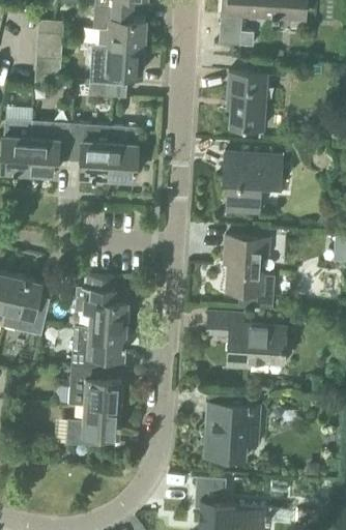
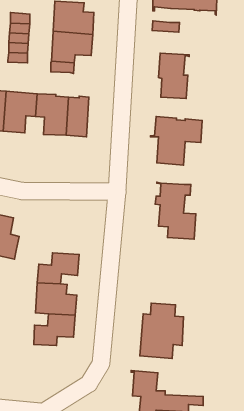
building: [76,275,127,328] -> none
building: [207,314,286,369] -> none

